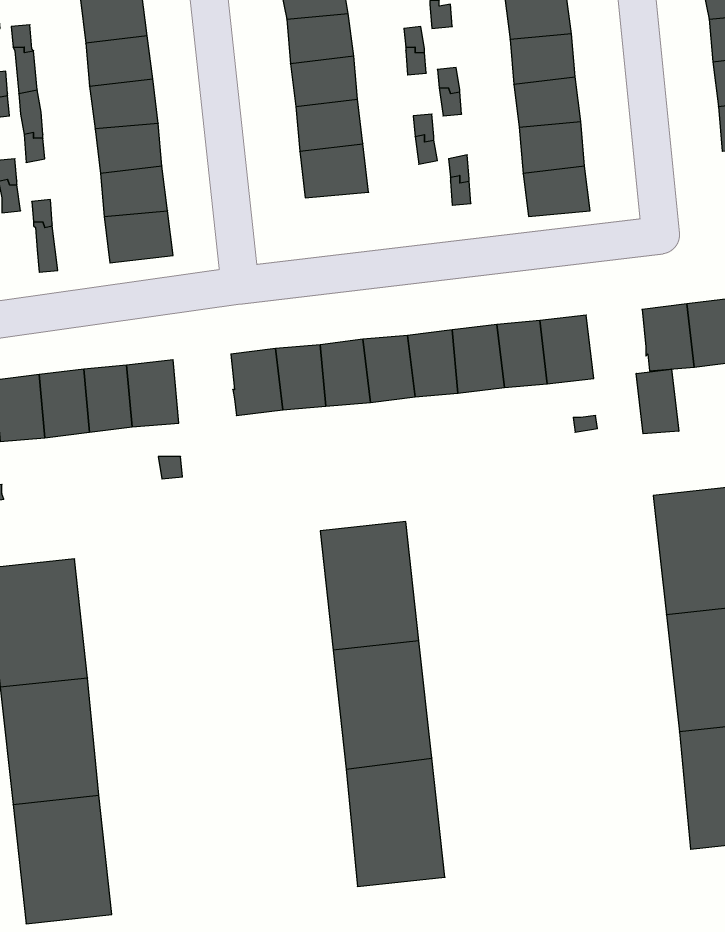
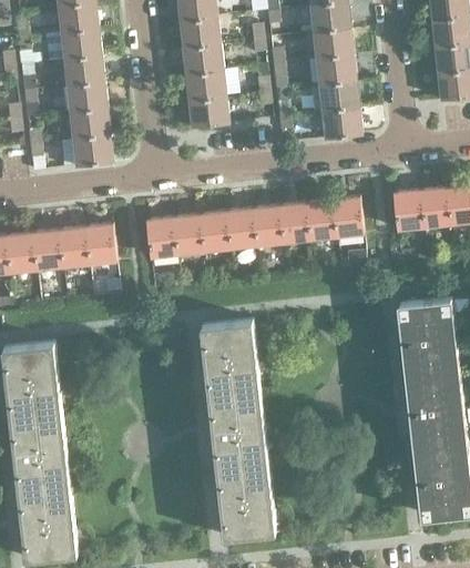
building: [636,369,679,434] -> none

